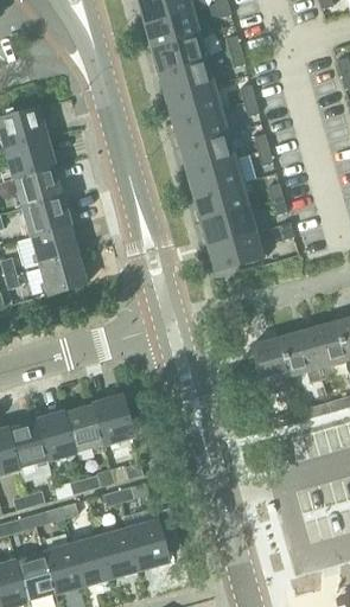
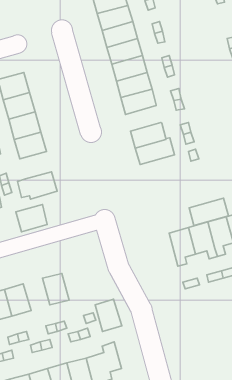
building: [186,155,244,196] -> none
building: [31,225,77,266] -> [16,204,47,232]
building: [208,230,266,270] -> [189,198,228,226]
building: [93,396,132,443] -> [95,299,122,332]
building: [36,411,75,459] -> none

